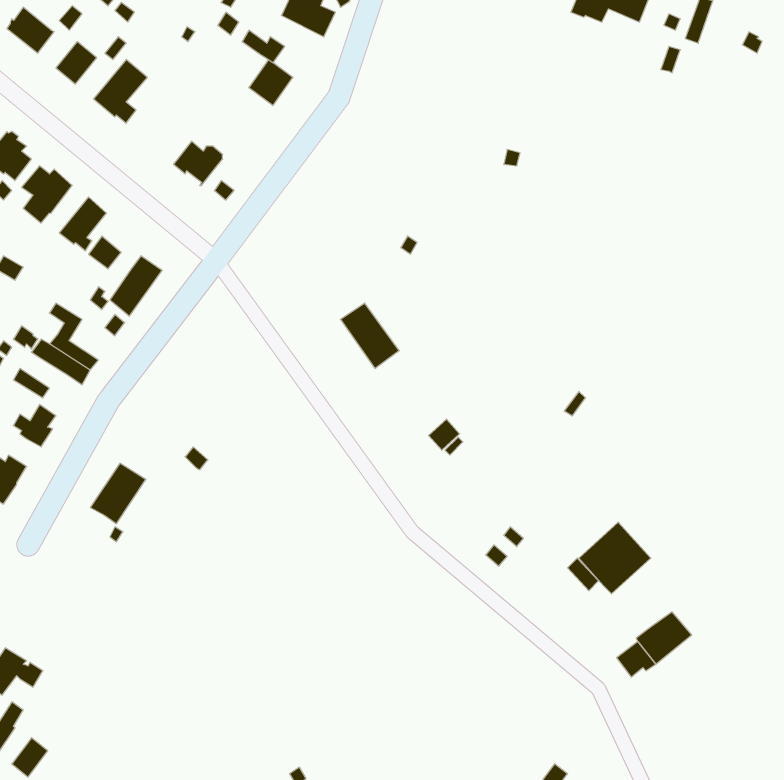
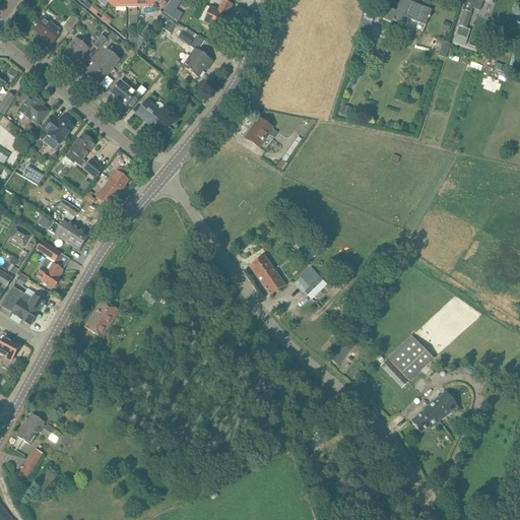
building: none -> [111,79,146,105]
building: none -> [247,116,272,145]
building: [340,303,399,368] -> [249,253,285,294]

